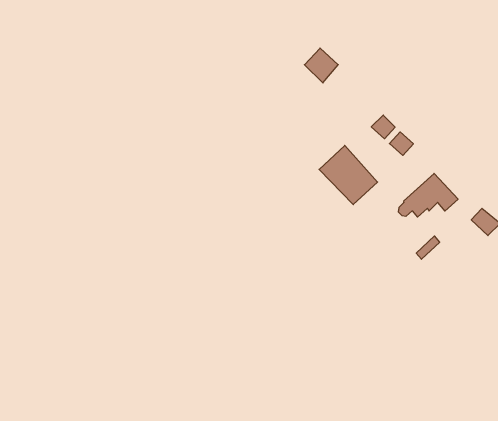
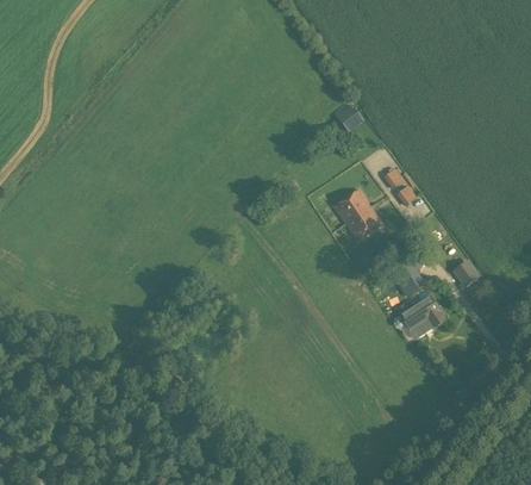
building: [398,173,458,217] -> [394,296,446,330]

